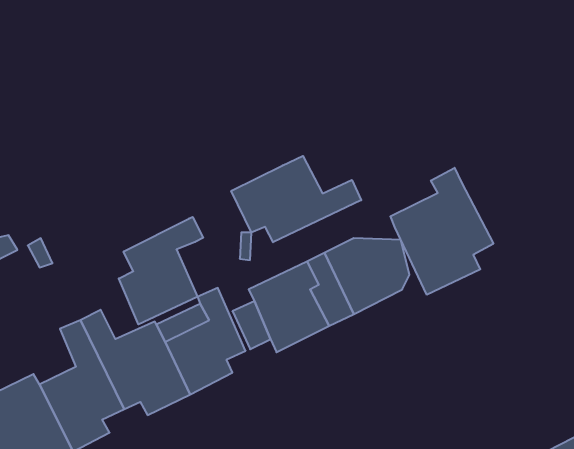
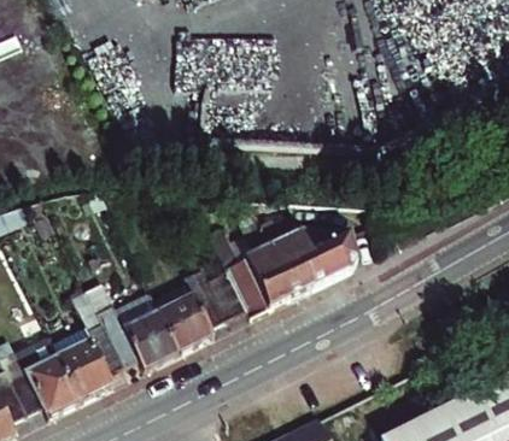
building: [231,156,361,242] -> none
building: [390,168,493,295] -> none
building: [119,217,203,324] -> none

